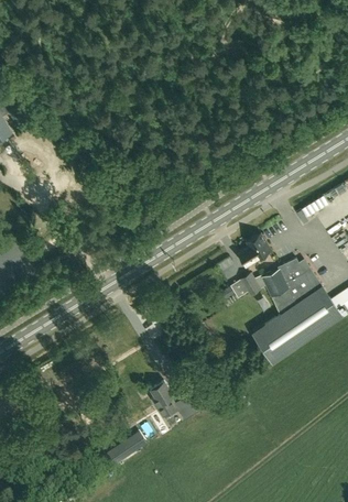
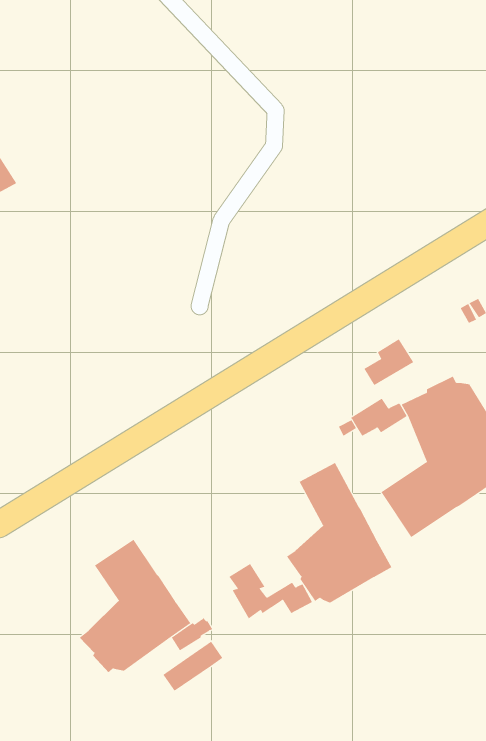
building: none -> [286,462,392,604]
building: none -> [79,539,191,673]

